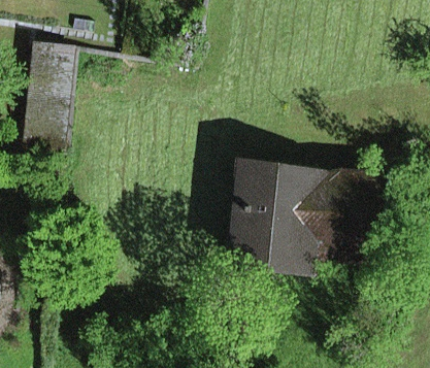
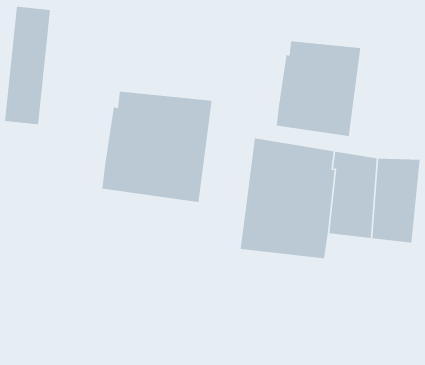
building: none -> [276,41,361,137]
building: none -> [102,91,212,203]

